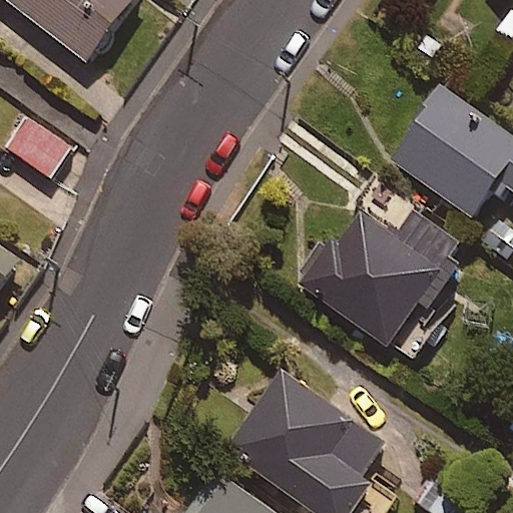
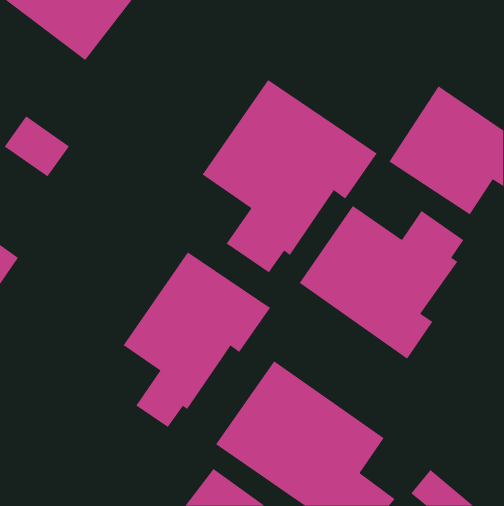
building: none -> [202,79,378,273]
building: none -> [123,252,271,428]

